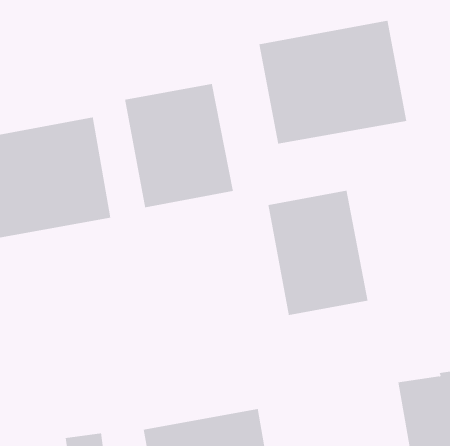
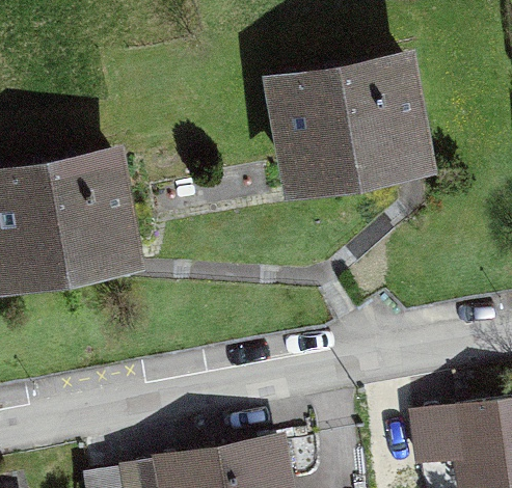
building: [124,83,233,208] -> none
building: [268,190,368,316] -> none

